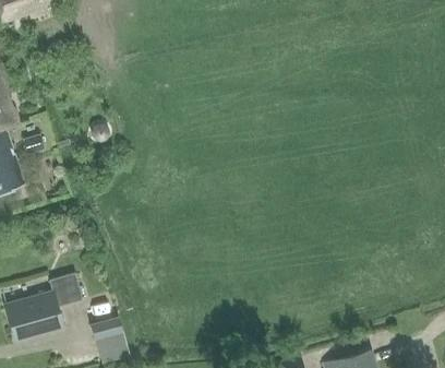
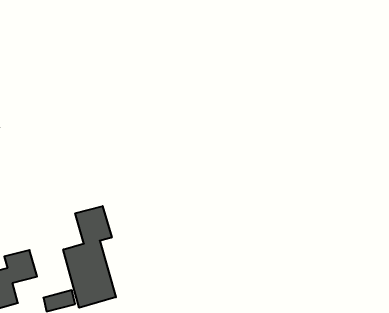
building: none -> [63,206,116,308]

